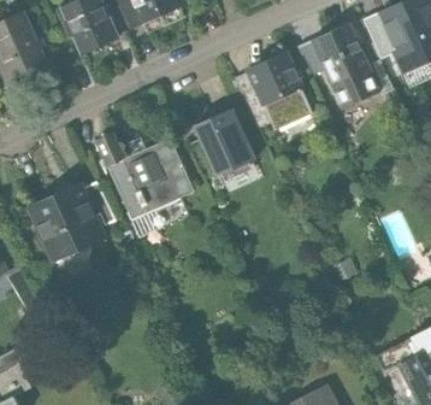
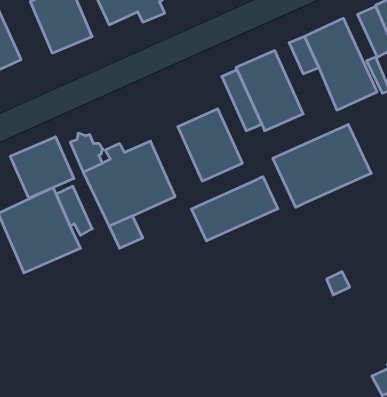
building: none -> [273,124,371,207]
building: none -> [10,137,74,198]
building: none -> [191,177,278,241]

